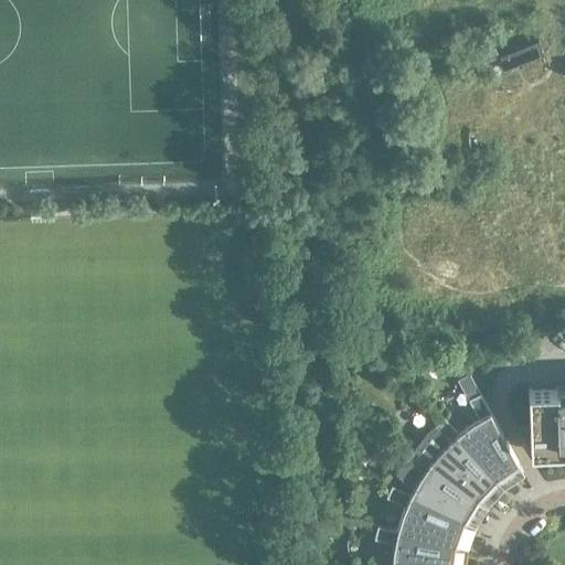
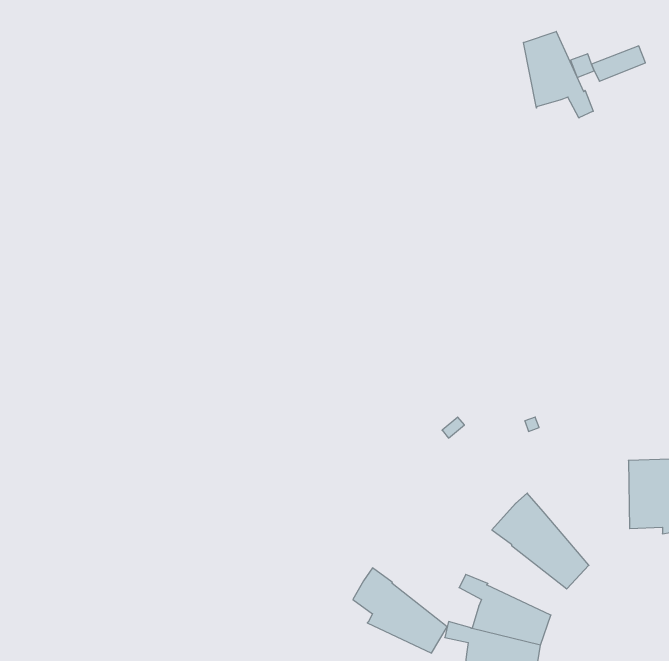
building: none -> [523,31,593,118]
building: [458,398,519,483] -> none
building: [398,454,478,525] -> [353,568,447,653]

